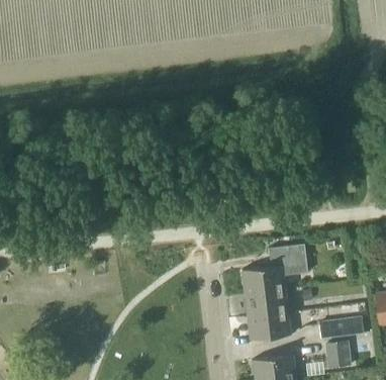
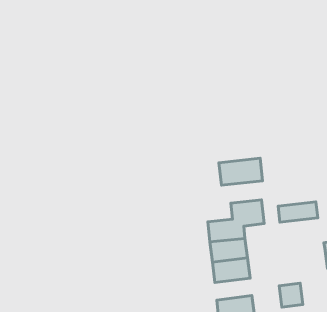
building: none -> [219,158,263,185]
building: [318,316,364,340] -> [278,202,318,222]

